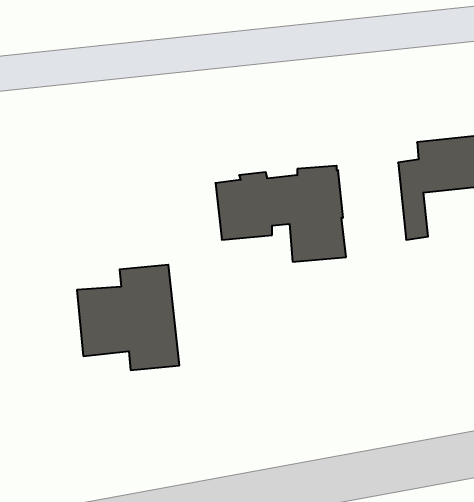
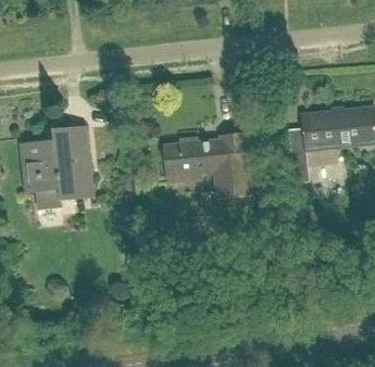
building: [77,265,179,370] -> [23,127,93,200]

